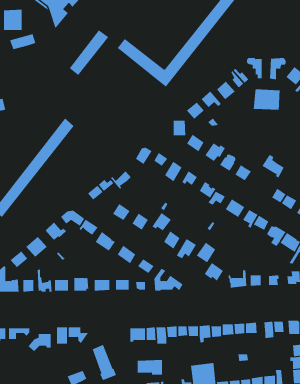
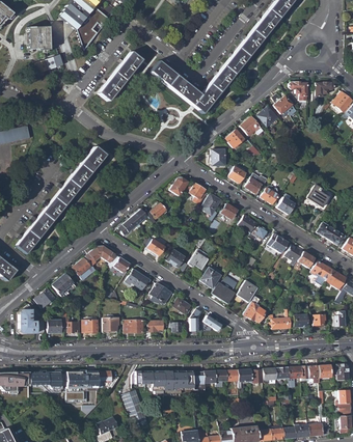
building: [253,89,280,111] -> none
building: [137,360,163,375] -> [136,371,164,388]

